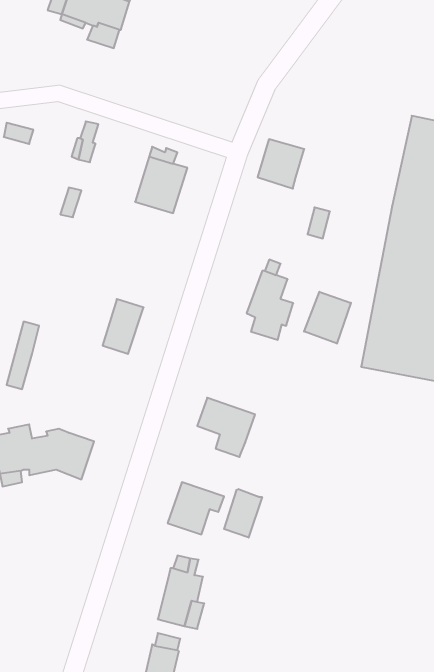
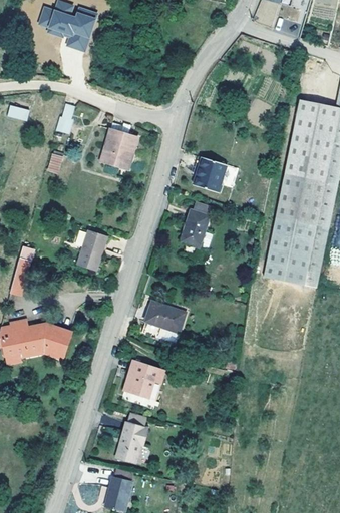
building: [258,139,304,189] -> [193,157,226,192]
building: [304,292,351,344] -> none
building: [224,489,262,538] -> none

